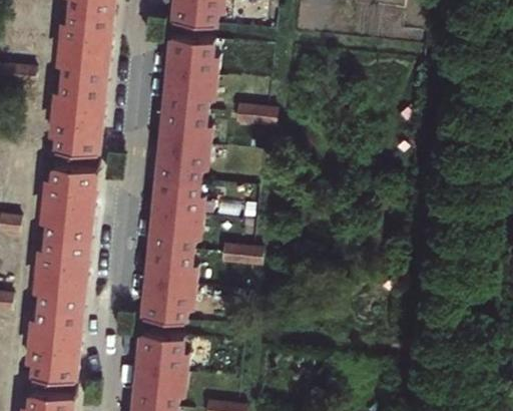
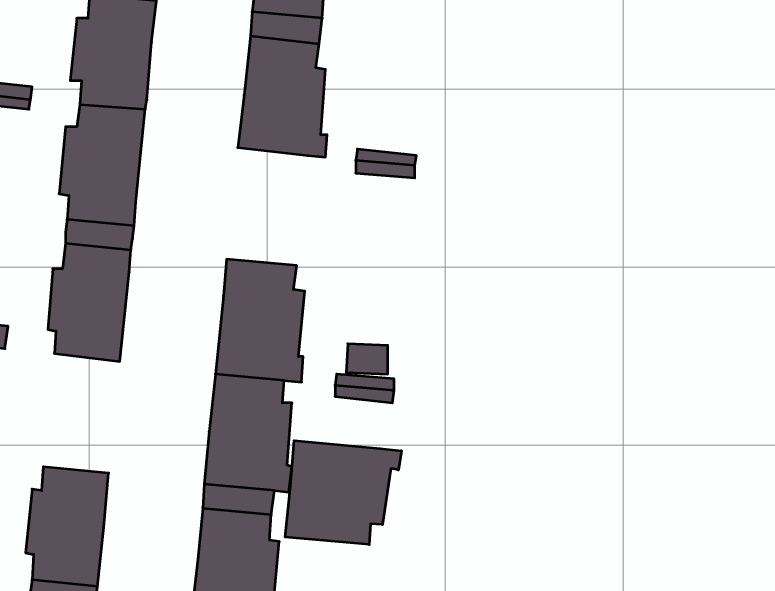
building: [155,104,211,179] -> none
building: [35,234,88,309] -> none
building: none -> [285,441,401,545]

